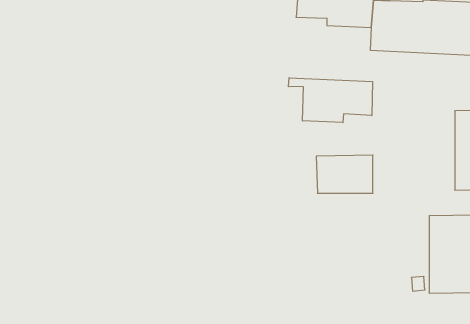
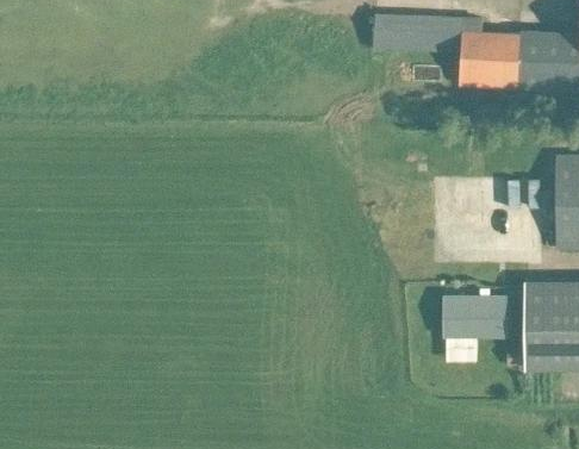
building: [288,78,373,123] -> none
building: [316,155,373,193] -> [442,294,508,338]

